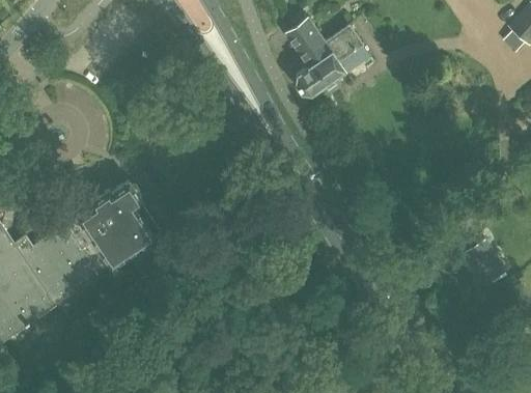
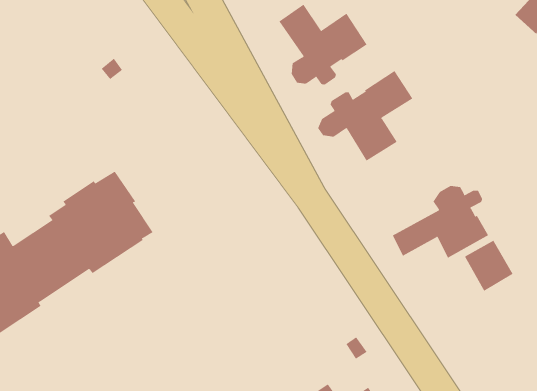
building: none -> [317,70,413,162]
building: none -> [392,185,489,259]

